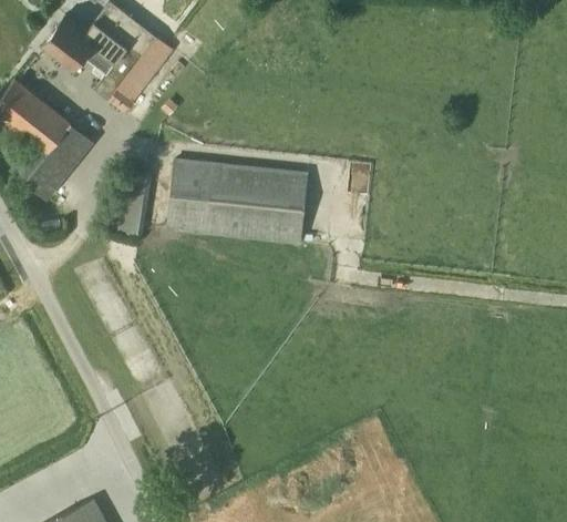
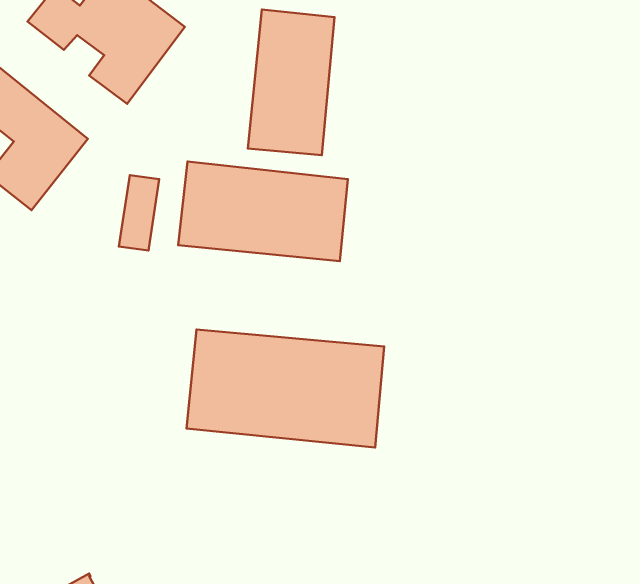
building: none -> [248,10,334,155]
building: none -> [186,329,384,447]

